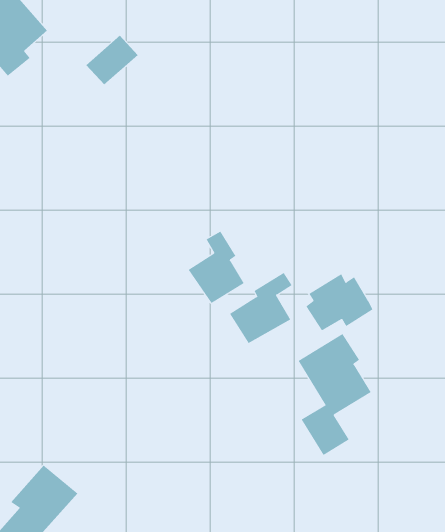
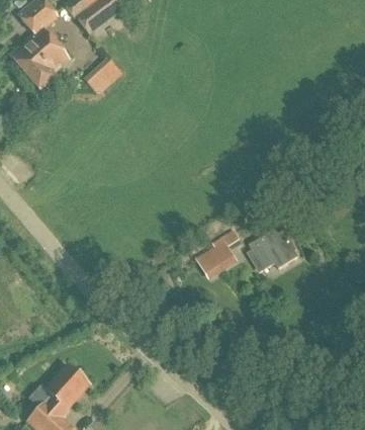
building: [188,231,244,304] -> none
building: [298,333,372,456] -> none

